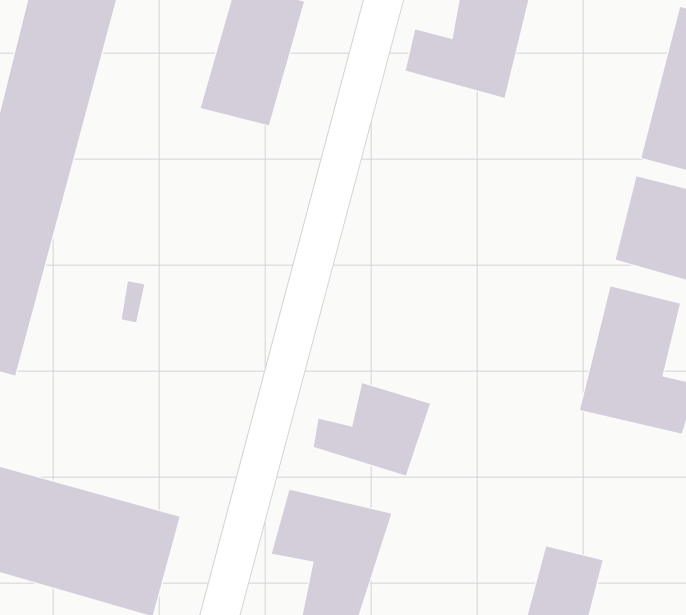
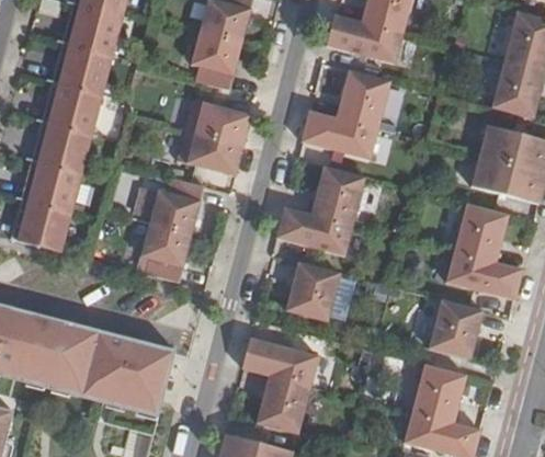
building: none -> [302,76,391,162]
building: none -> [167,91,252,174]
building: none -> [273,165,363,259]
building: none -> [136,175,208,278]
building: none -> [425,295,487,363]

